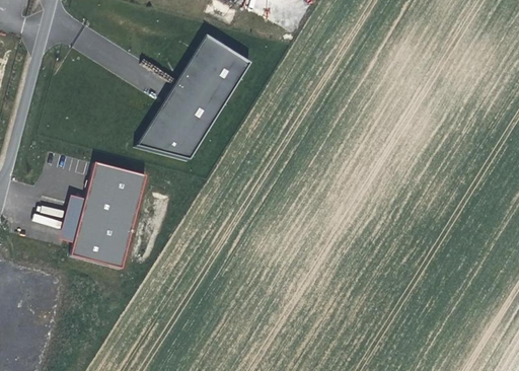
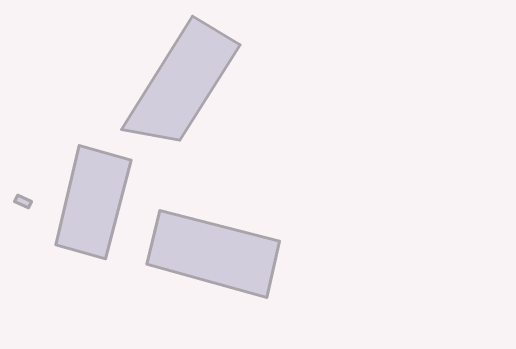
building: none -> [147,210,280,298]

